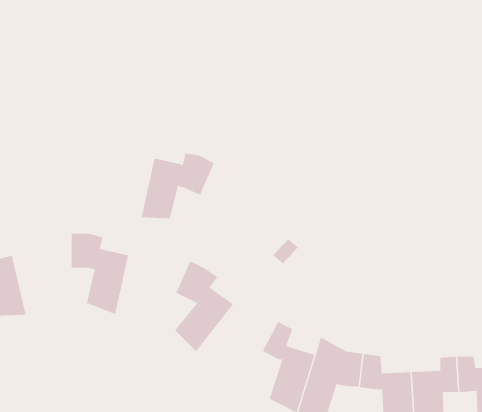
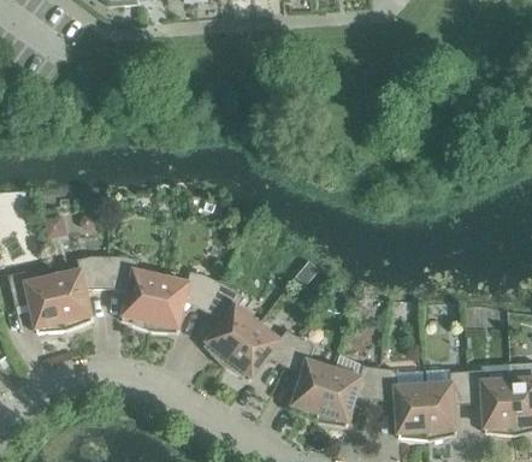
building: [141,153,215,219] -> [148,270,217,331]
building: none -> [52,254,106,330]
building: none -> [223,320,298,379]

